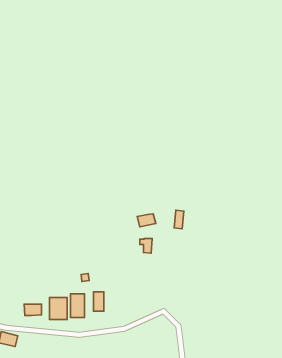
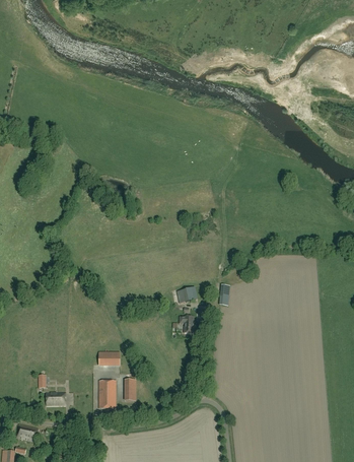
building: [50,298,67,320] -> none

